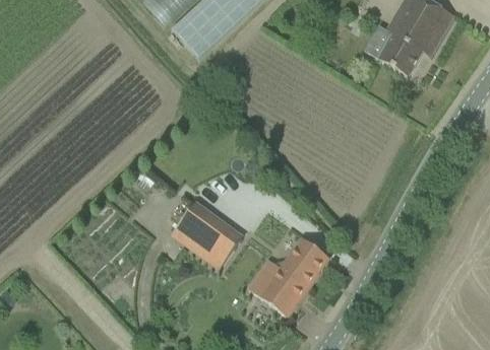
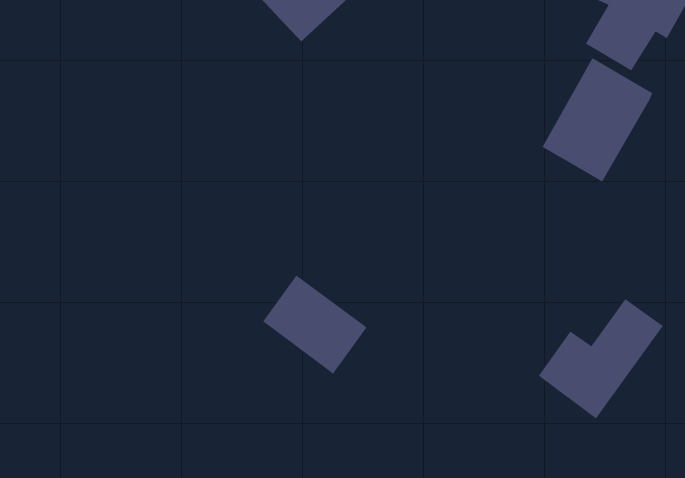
building: none -> [542,57,653,183]
building: [248,237,327,313] -> [538,298,664,419]

